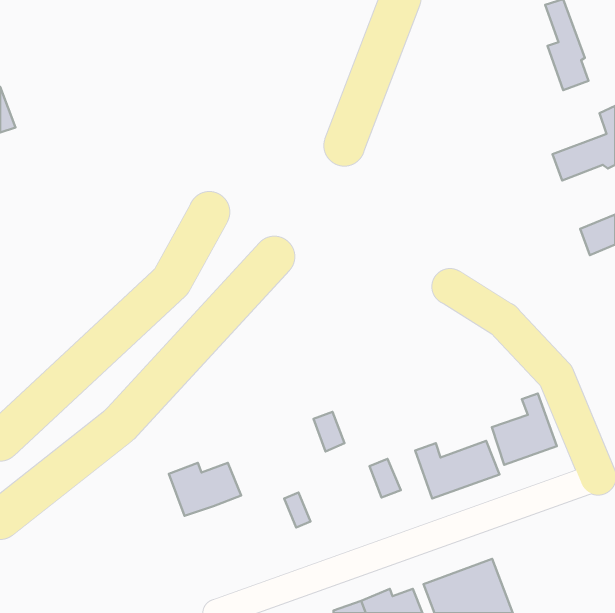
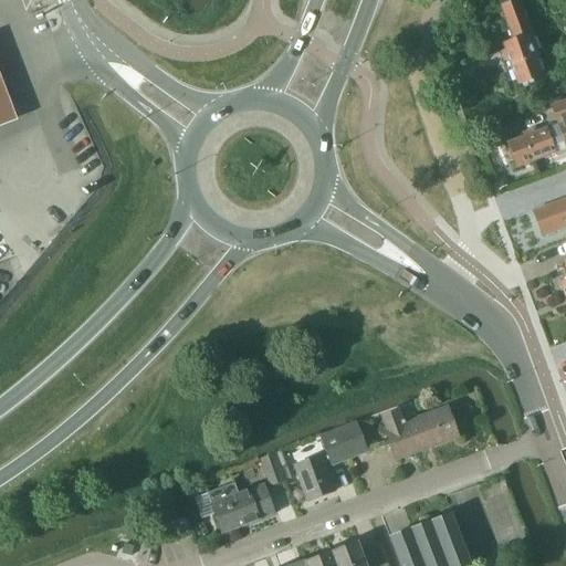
building: [492,394,557,465] -> none
building: [313,412,345,451] -> [322,428,350,464]
building: [169,463,241,516] -> [209,482,275,531]
building: none -> [295,453,336,499]

